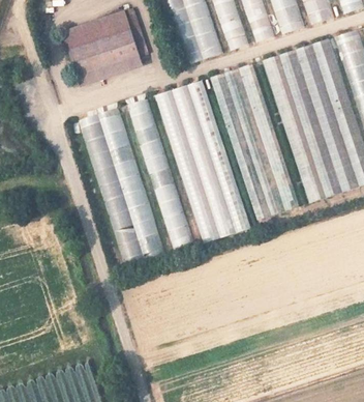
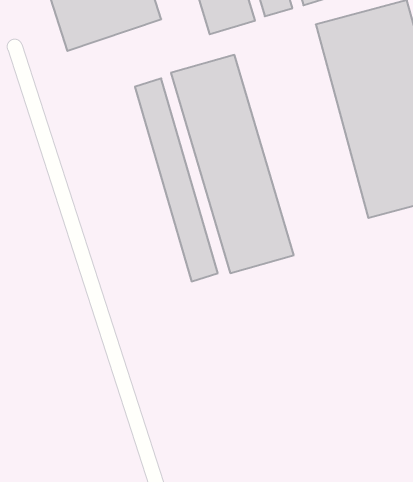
building: [215,63,298,221] -> none
building: [83,107,162,265] -> none

